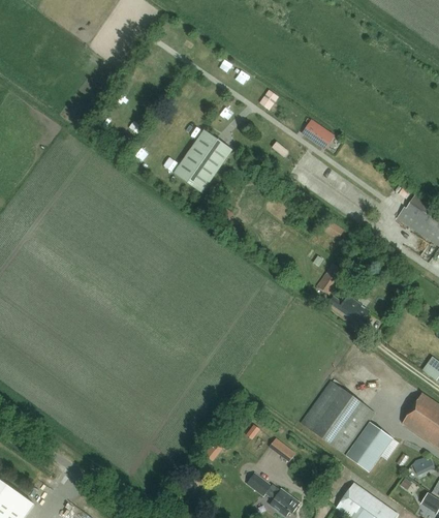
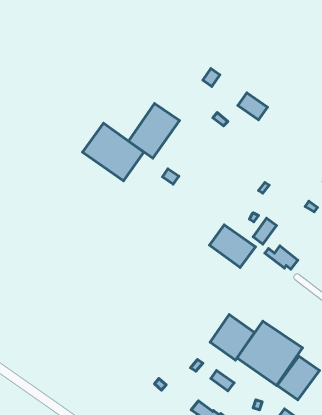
building: none -> [82,123,144,181]
building: none -> [209,225,256,268]
building: none -> [210,315,254,360]

